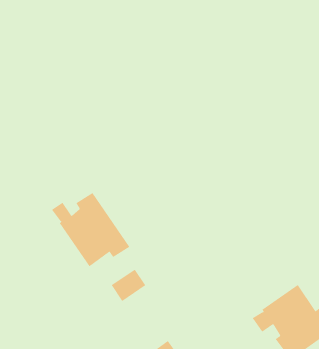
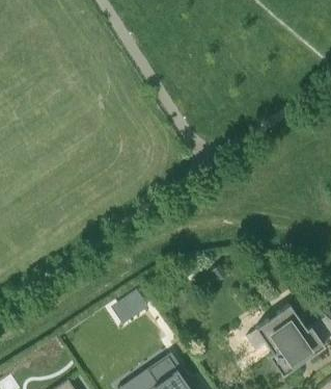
building: [51,192,130,267] -> none

